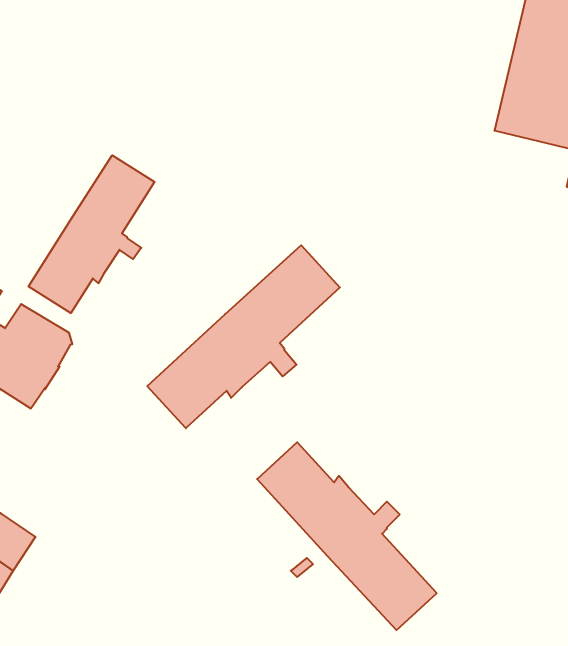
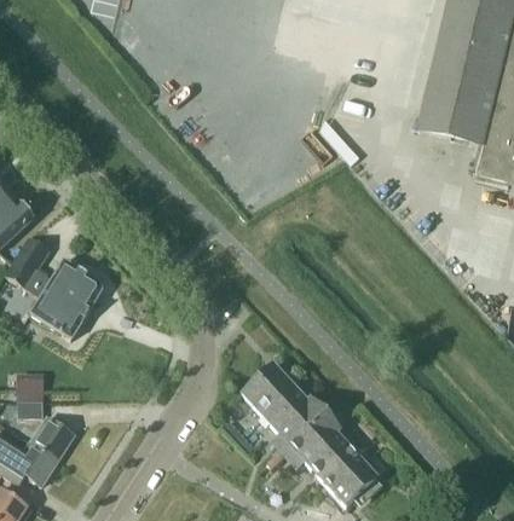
building: [29,155,155,313] -> none
building: [147,245,340,428] -> none

